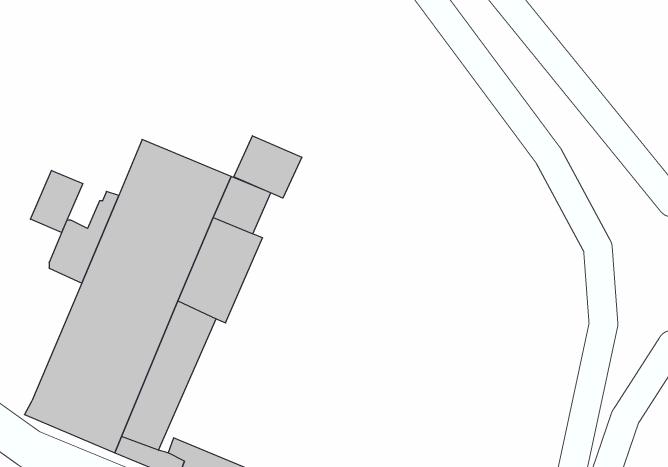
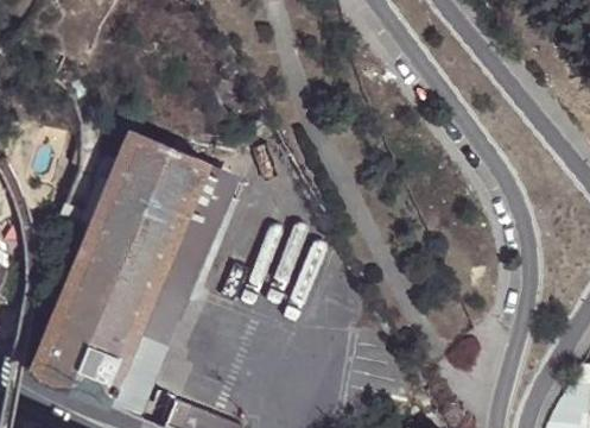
building: [234,136,302,198] -> none
building: [30,170,83,232] -> none

